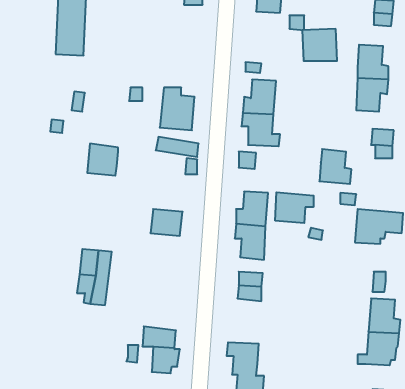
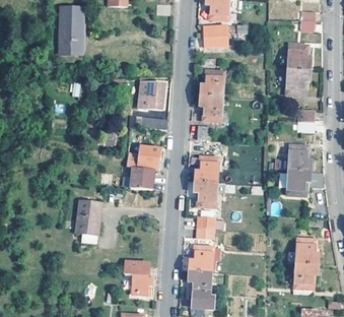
building: [302,29,337,61] -> [202,22,228,47]
building: [87,144,118,176] -> [136,145,159,170]
building: [319,149,351,184] -> [287,145,312,172]
building: [275,192,314,223] -> none
building: none -> [189,246,213,272]

